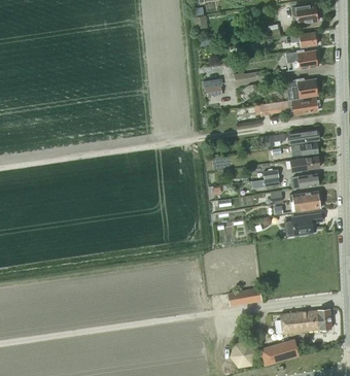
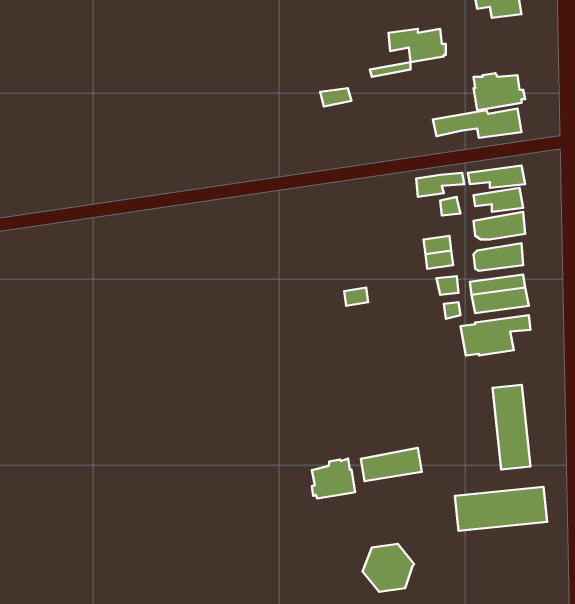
building: [287,50,319,69] -> [388,29,446,62]
building: none -> [493,385,531,470]
building: none -> [312,458,355,498]
building: [260,339,300,366] -> none

